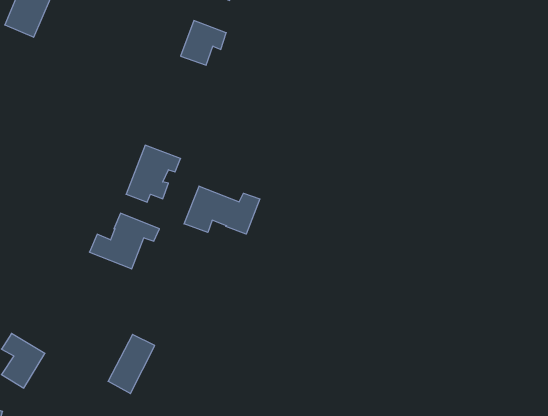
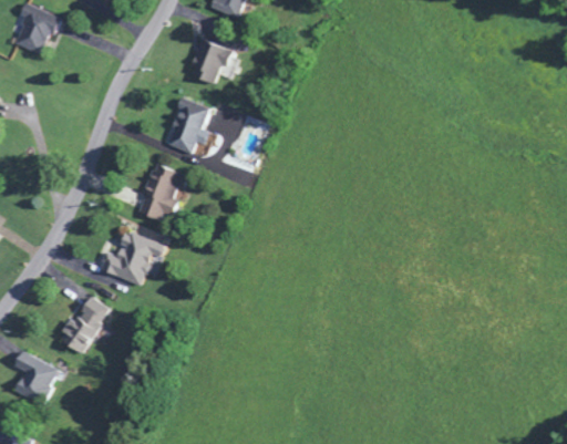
building: none -> [167,97,212,154]
building: [184,186,260,234] -> none
building: [108,334,155,394] -> [61,296,107,354]

